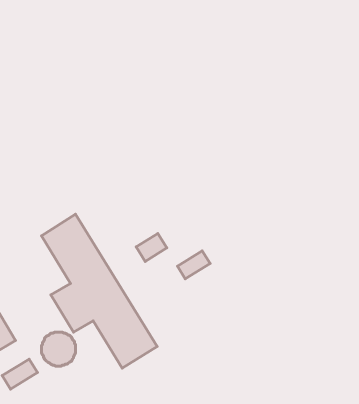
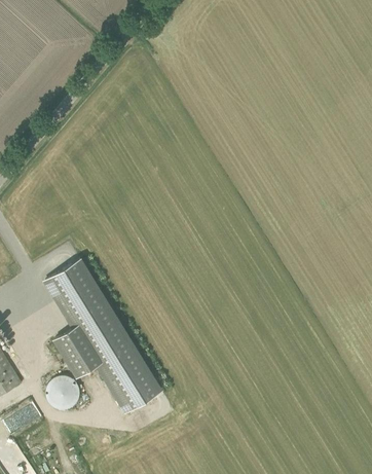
building: [136,233,167,261] -> none
building: [177,251,210,279] -> none

